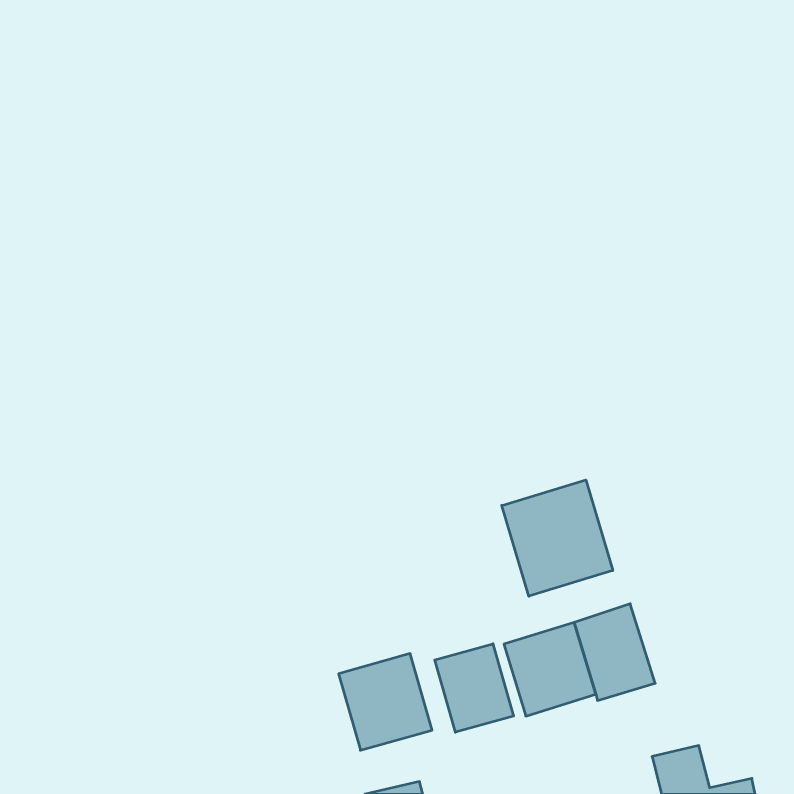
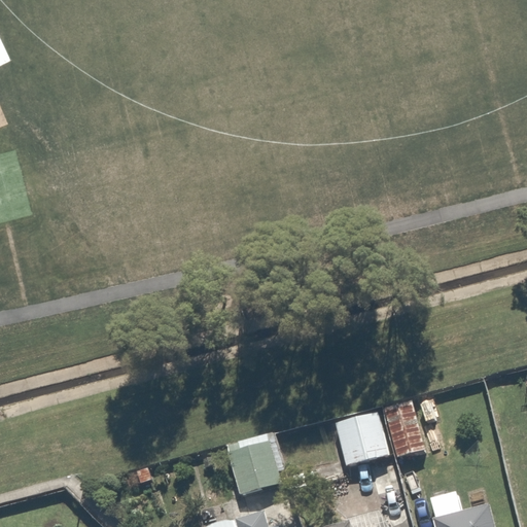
building: [502,480,613,596] -> none
building: [435,644,514,732] -> none

